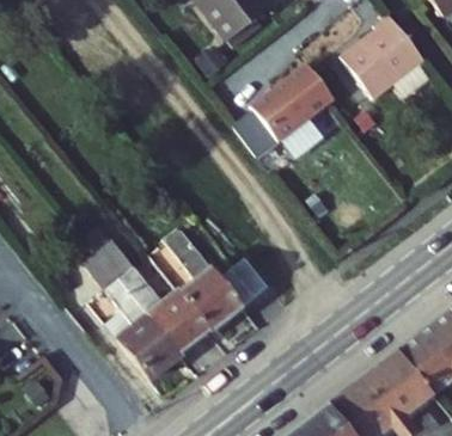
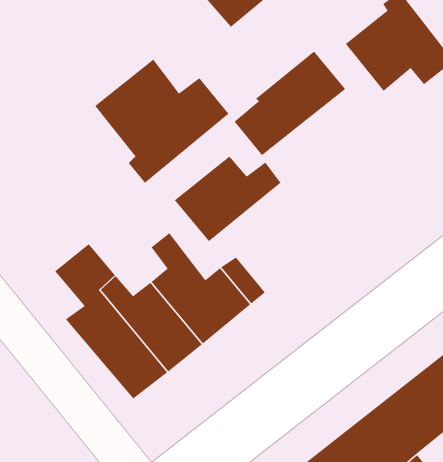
building: none -> [94,59,230,184]
building: none -> [174,155,281,242]

